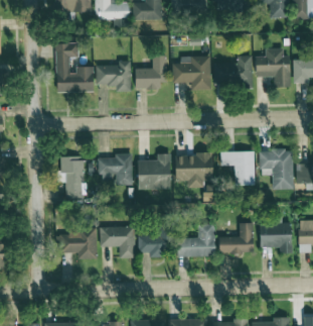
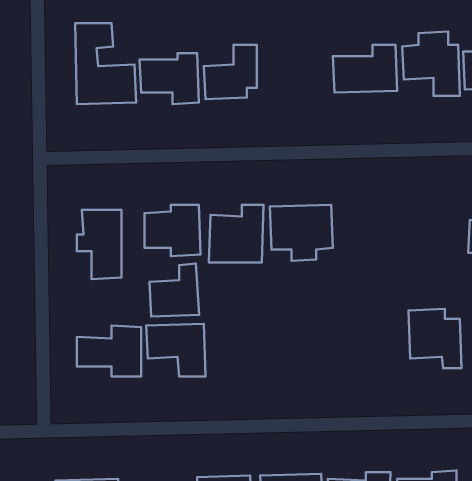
building: [172,56,211,90] -> none
building: [260,149,294,189] -> none
building: [220,150,255,185] -> none
building: [219,222,254,253] -> none
building: [140,224,170,256] -> [149,264,199,316]
building: [177,224,215,256] -> none

